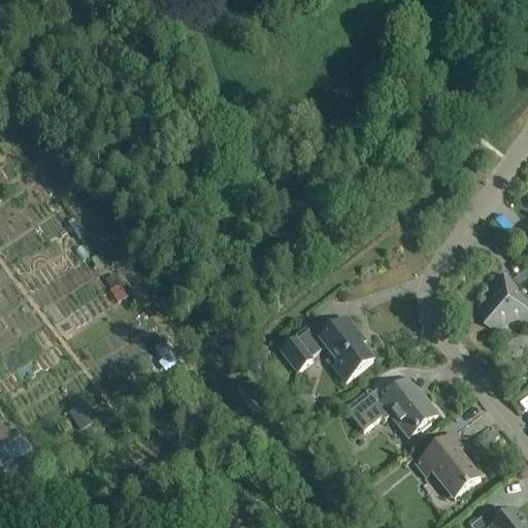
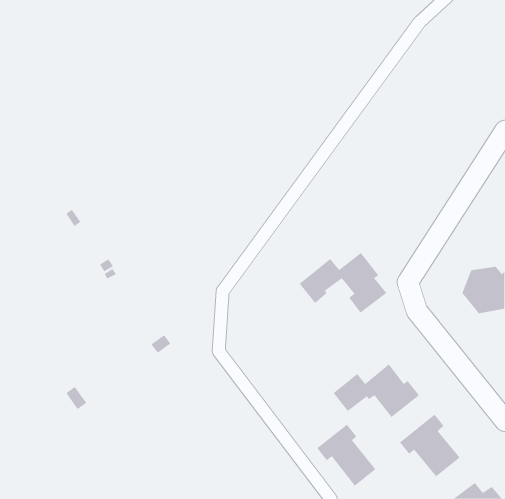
building: [280,316,372,380] -> [299,252,387,314]
building: none -> [316,424,376,486]

